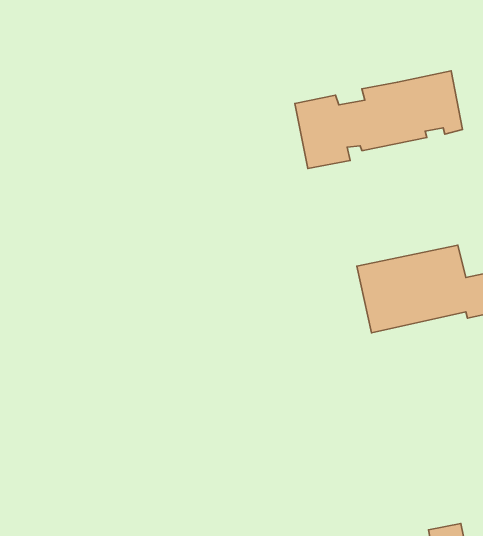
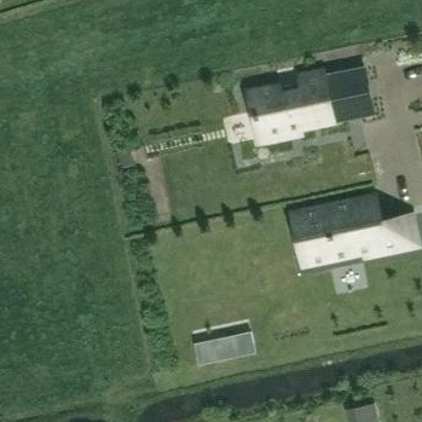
building: none -> [193,331,255,364]

